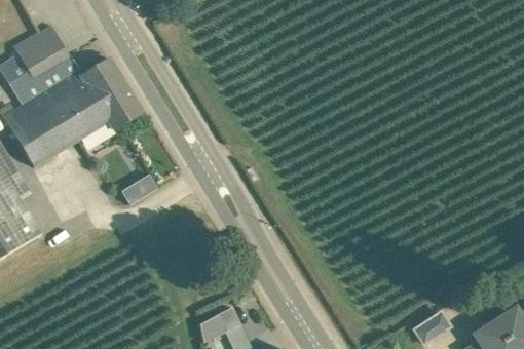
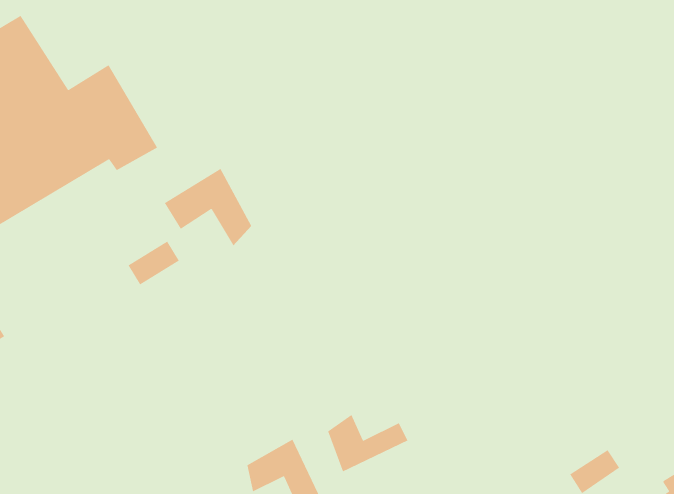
building: none -> [164,168,252,247]
building: none -> [327,414,408,472]

